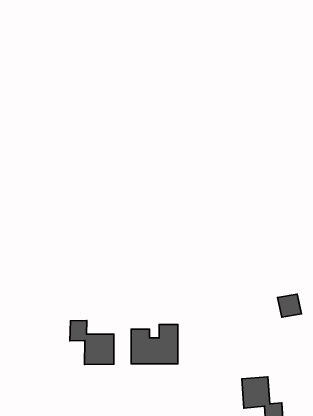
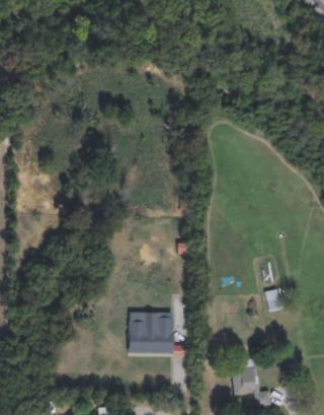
building: [70,320,114,364] -> none

